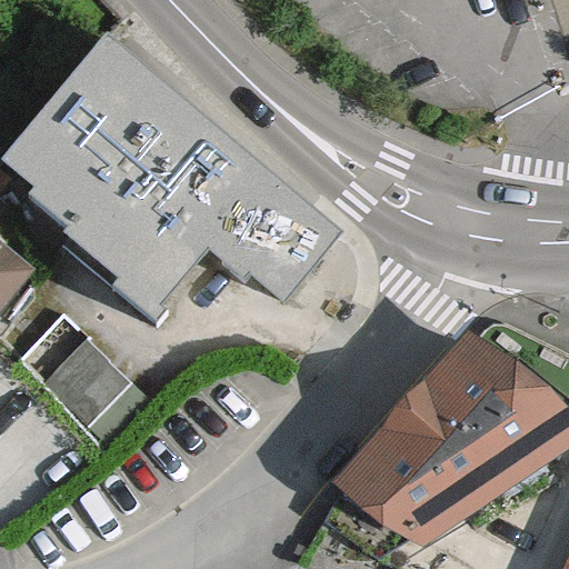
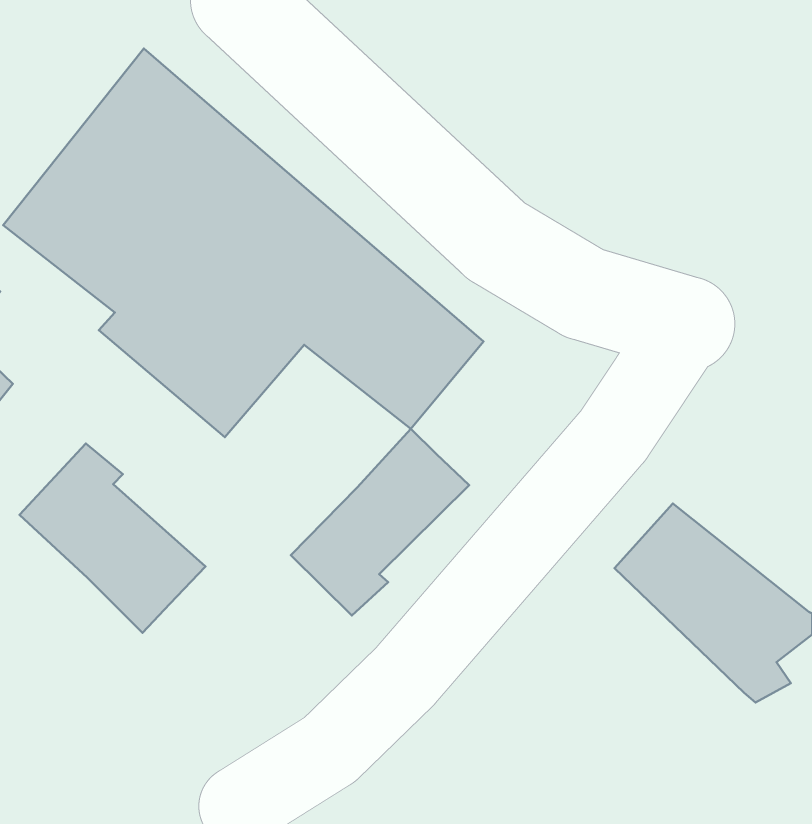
building: none -> [291,429,469,616]
building: [317,392,519,555] -> none

